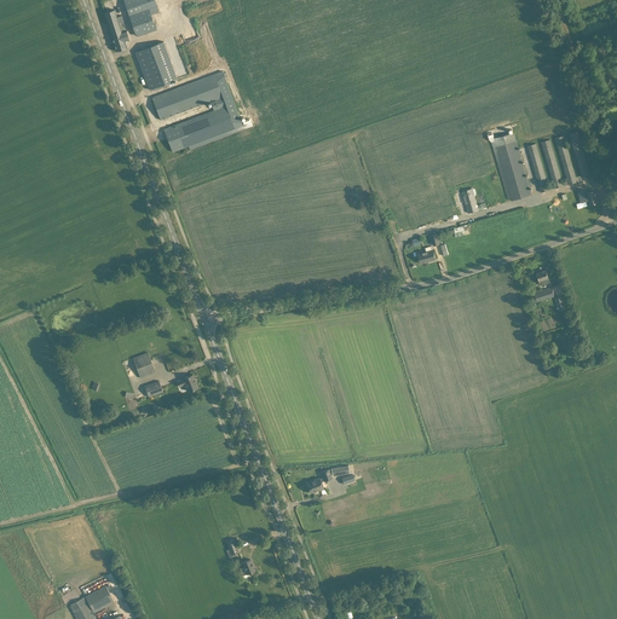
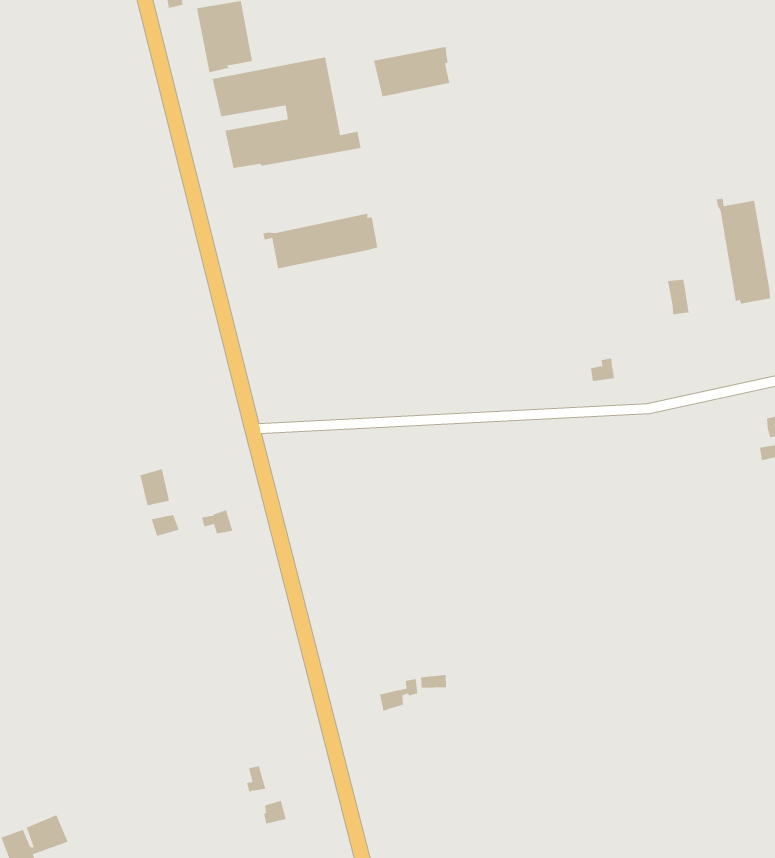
building: none -> [373,46,450,97]
building: none -> [262,213,378,269]

